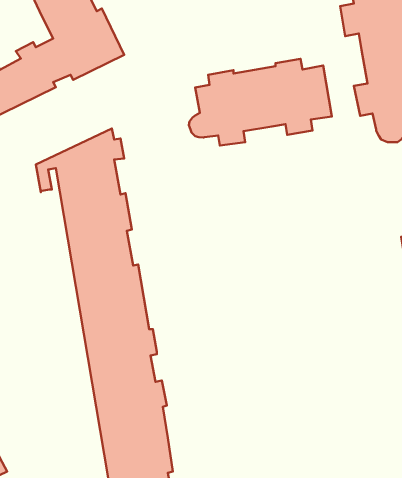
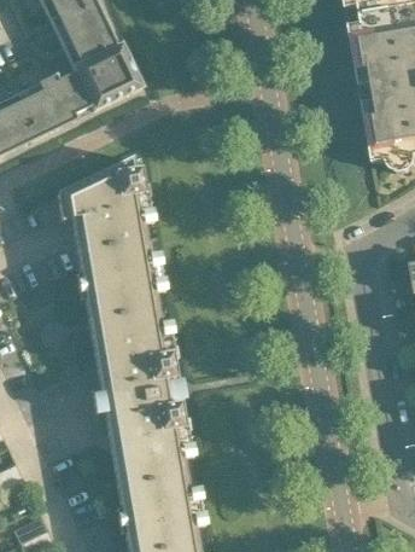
building: [189,59,332,146] -> none

